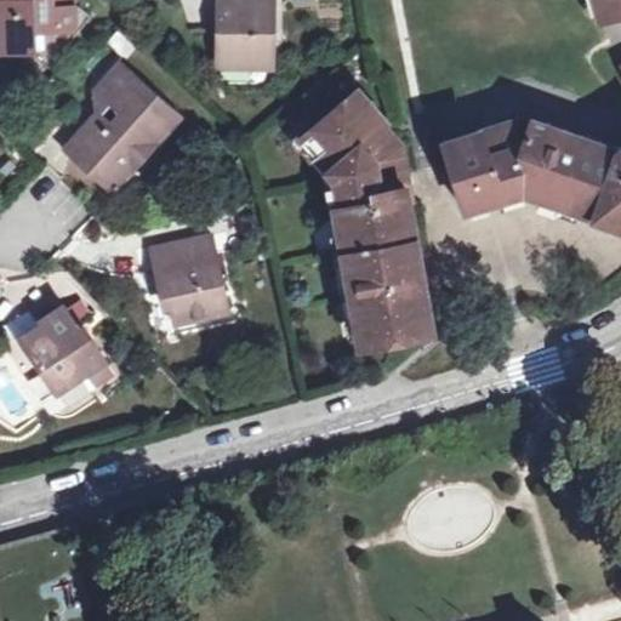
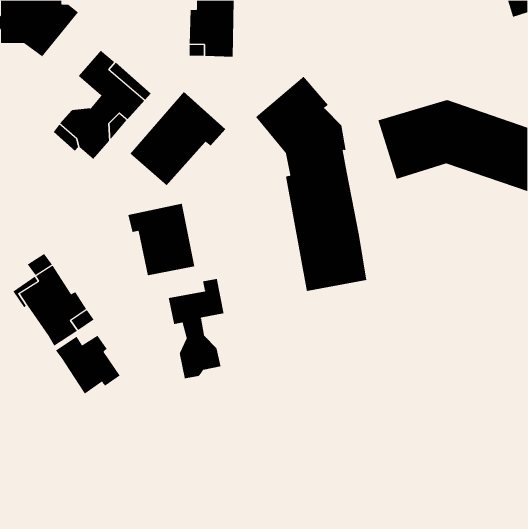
building: none -> [129,91,226,186]
building: none -> [168,278,224,379]
building: none -> [55,335,121,394]

